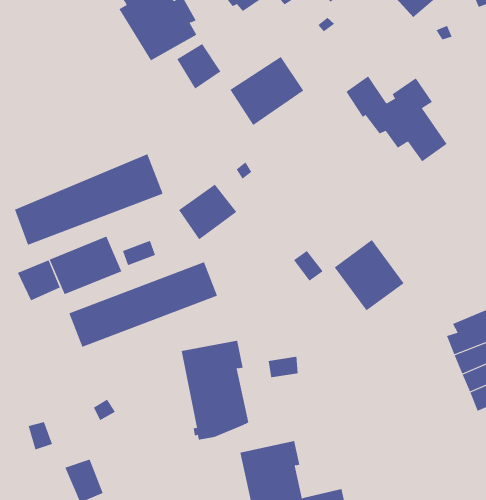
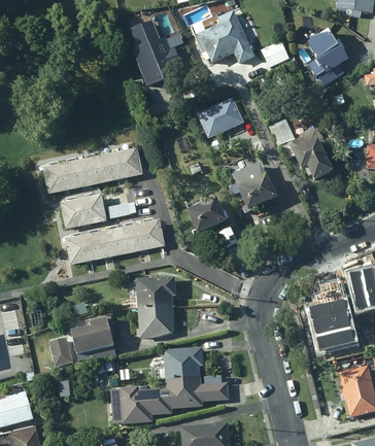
building: [177,43,221,90] -> none
building: [178,184,237,240] -> [185,199,224,234]
building: [334,239,405,311] -> [230,164,274,210]
building: [17,260,60,301] -> none
building: none -> [69,314,115,362]

